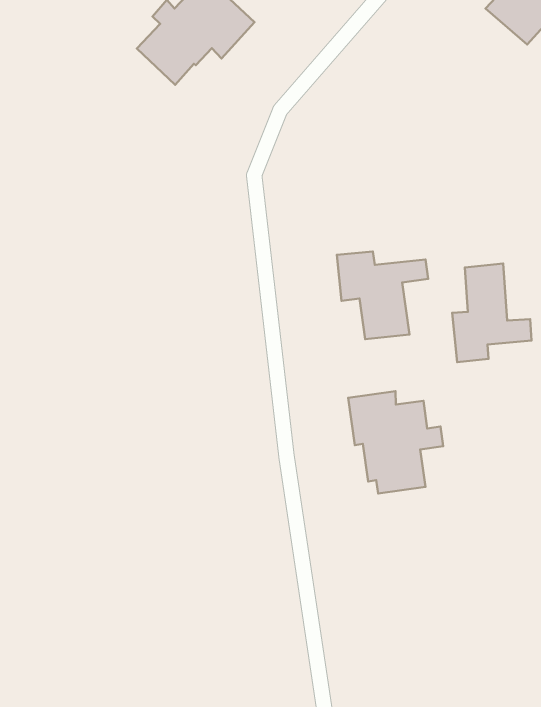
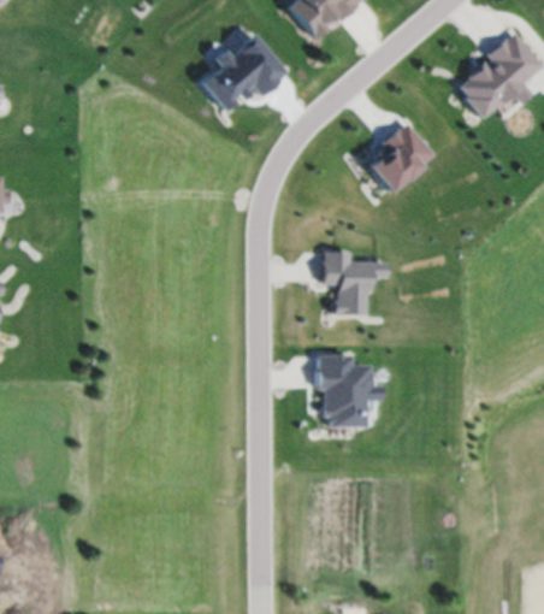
building: none -> [366,122,433,193]
building: [452,264,532,362] -> none

